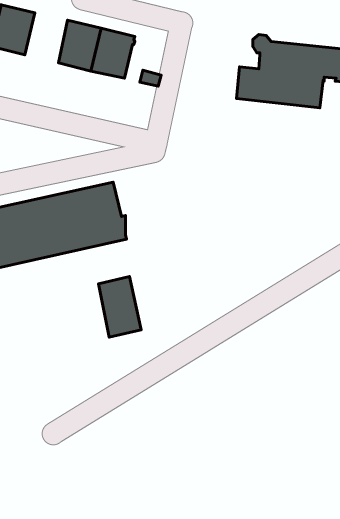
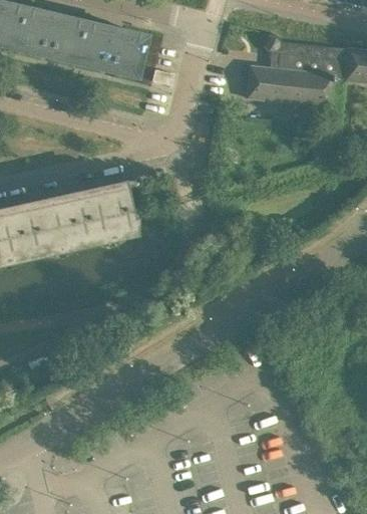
building: none -> [39,13,81,62]
building: [99,277,141,337] -> none

